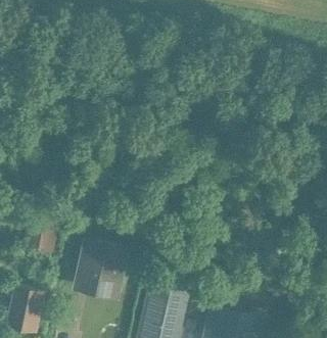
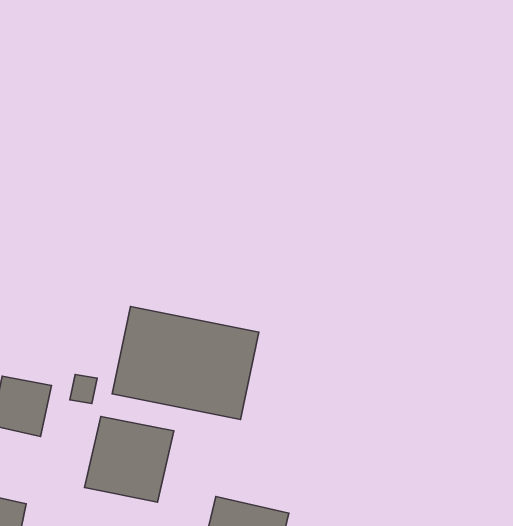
building: none -> [112,307,259,420]

